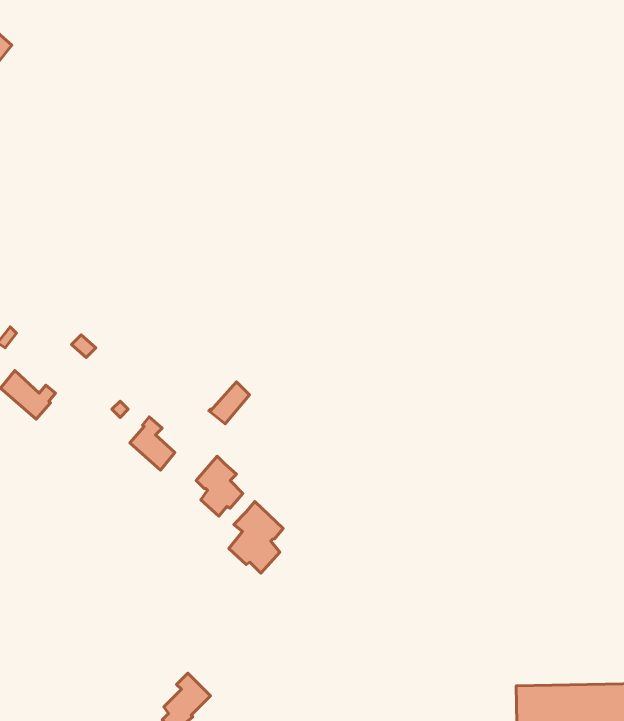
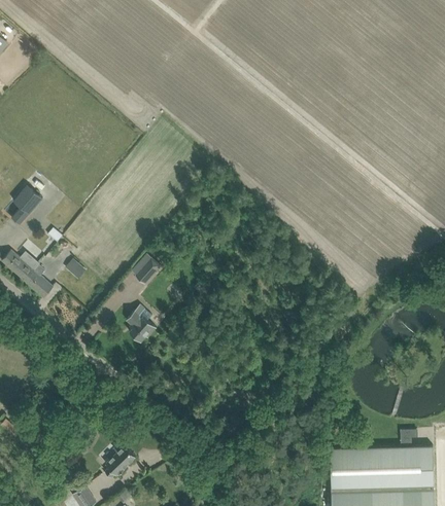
building: none -> [12,184,43,224]
building: [130,417,175,470] -> [25,263,54,297]
building: [229,501,283,573] -> none

